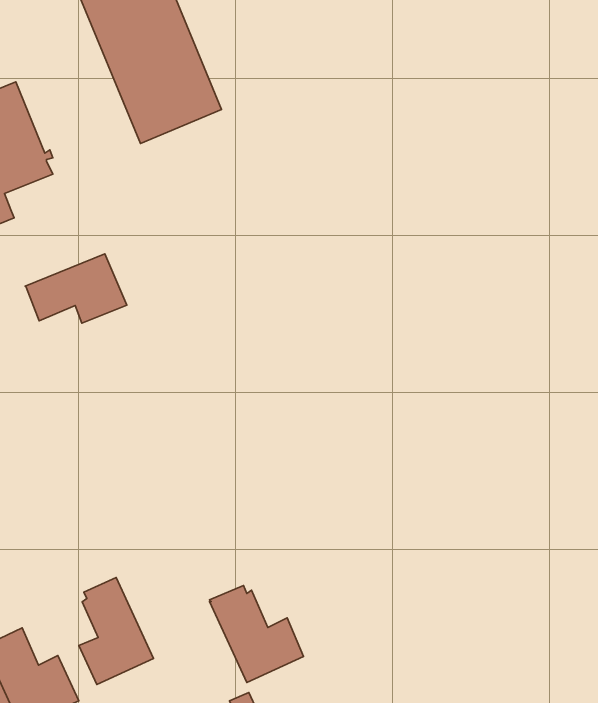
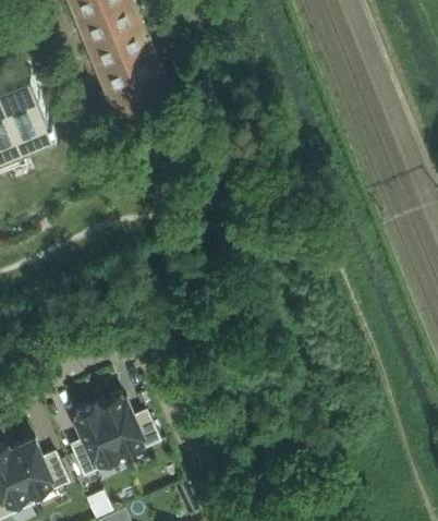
building: [25,254,127,323] -> none
building: [210,585,303,683] -> [97,391,160,457]

